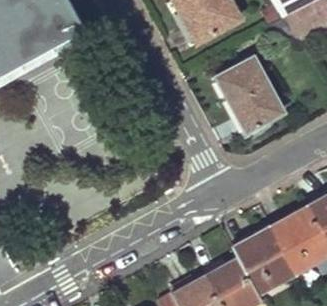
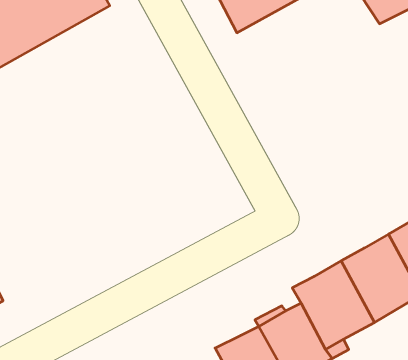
building: [209,55,280,136] -> none

